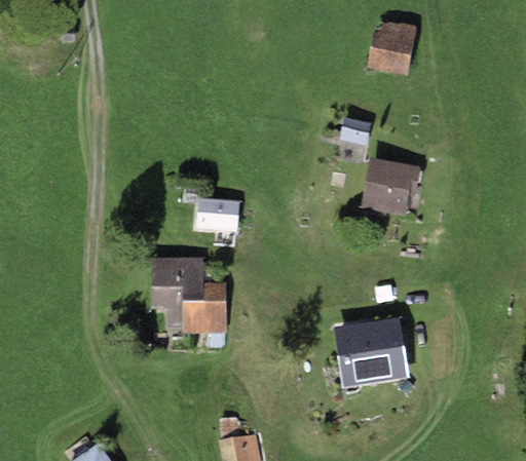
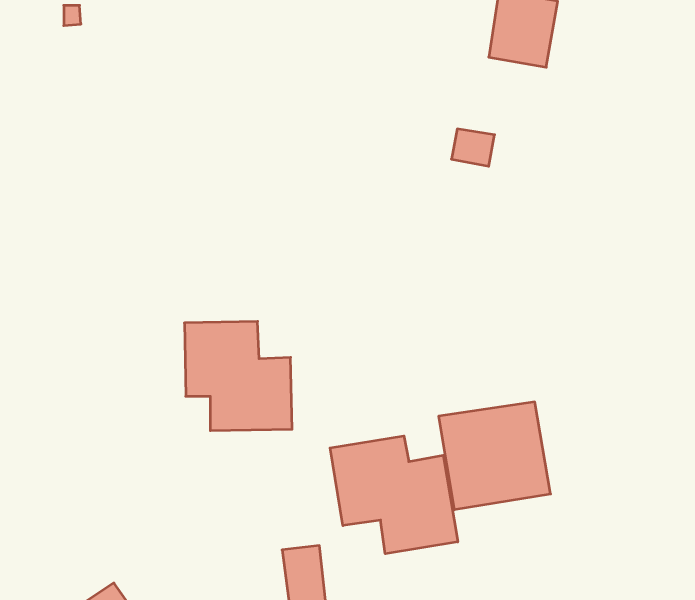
building: [361,157,420,218] -> none
building: [196,197,239,231] -> none
building: none -> [330,436,458,554]

